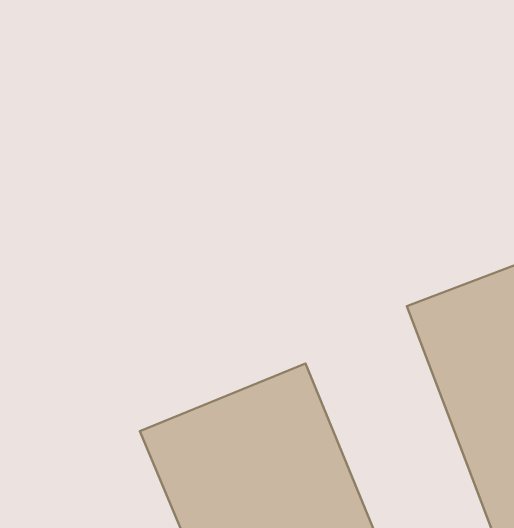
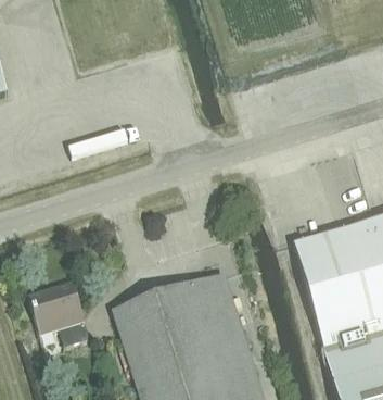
building: none -> [27,278,90,342]

